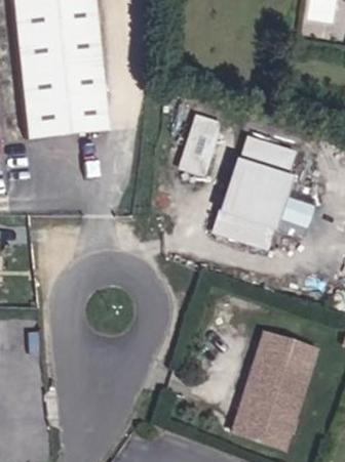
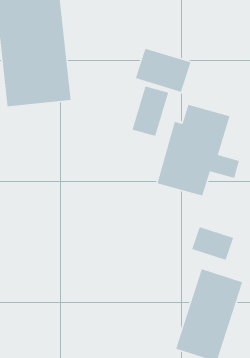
building: none -> [135,48,191,93]
building: none -> [191,226,234,261]

